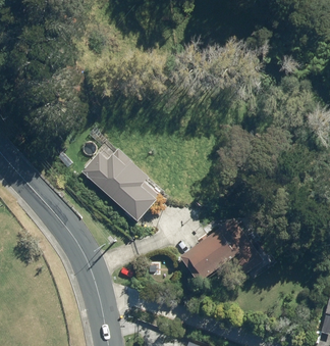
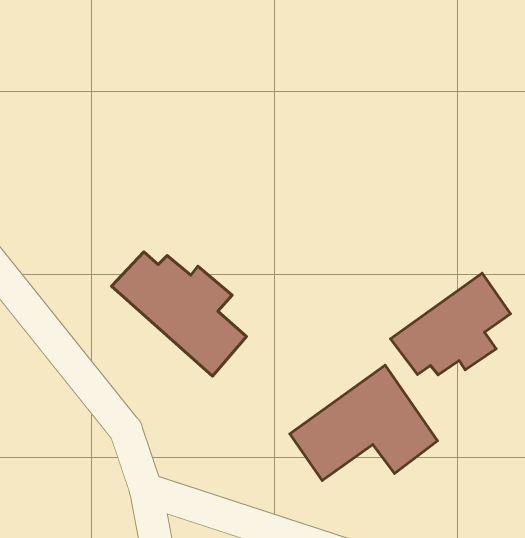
building: none -> [390,273,511,375]

